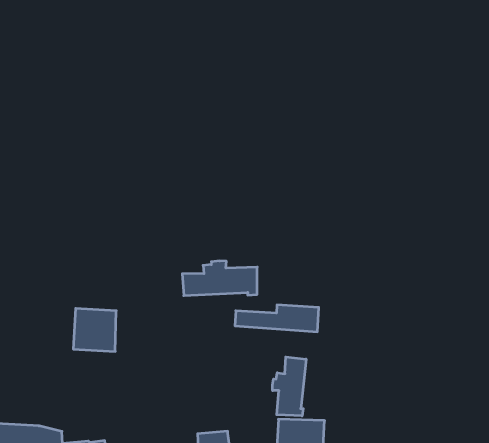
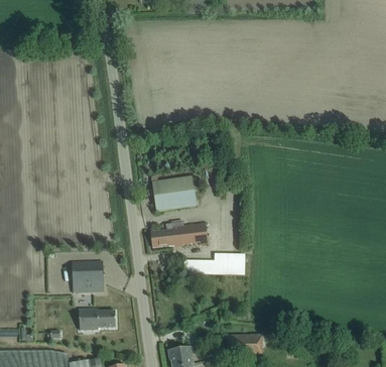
building: none -> [152,175,197,211]
building: [272,357,306,416] -> none
building: none -> [80,309,116,330]

